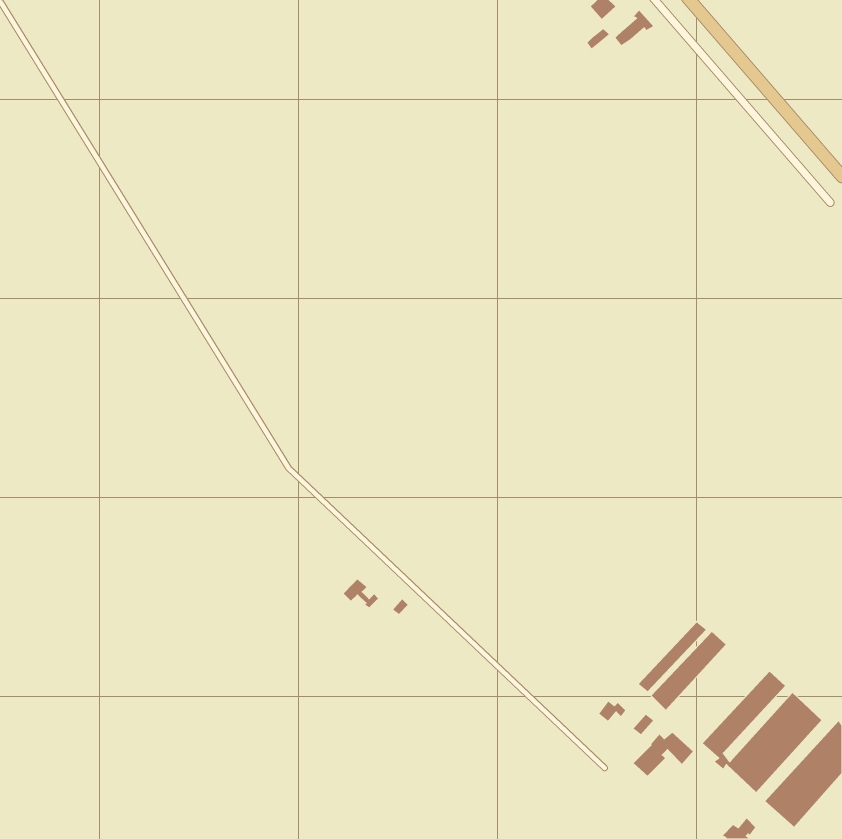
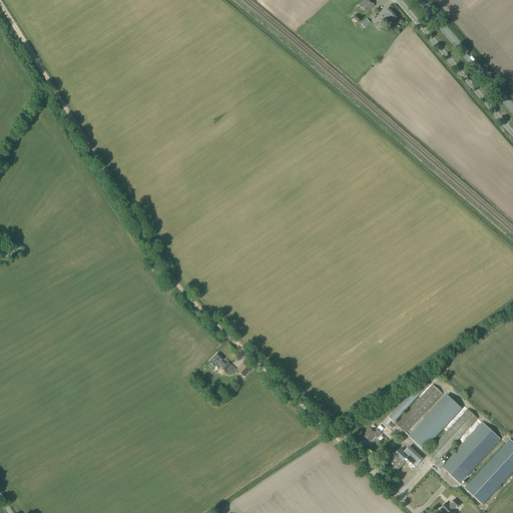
building: none -> [408,393,466,449]

